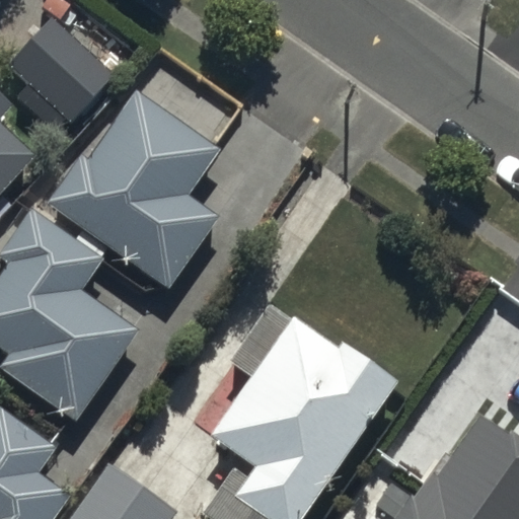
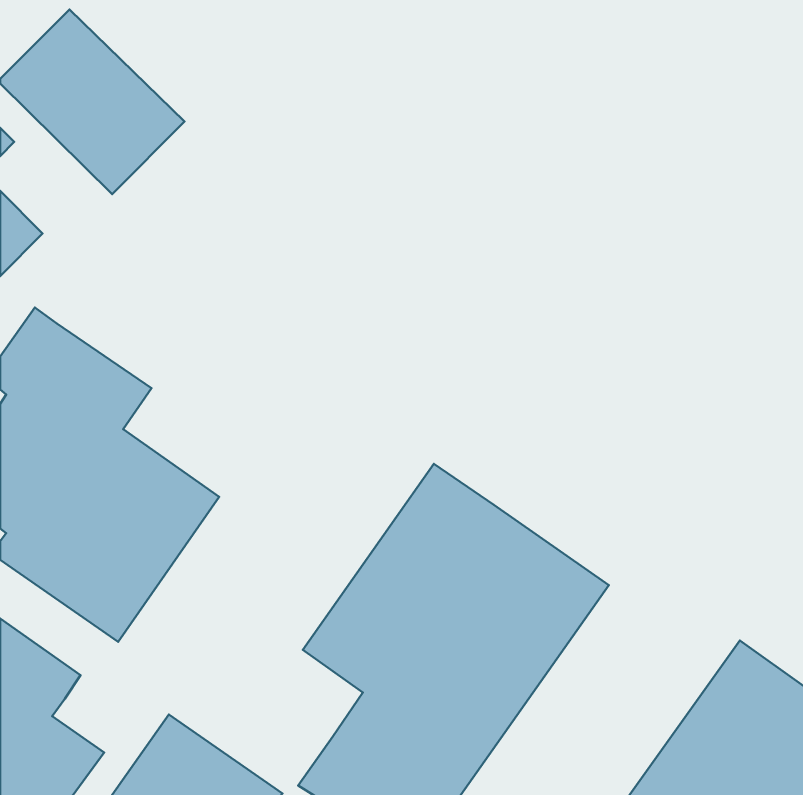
building: [42,90,221,291] -> none

